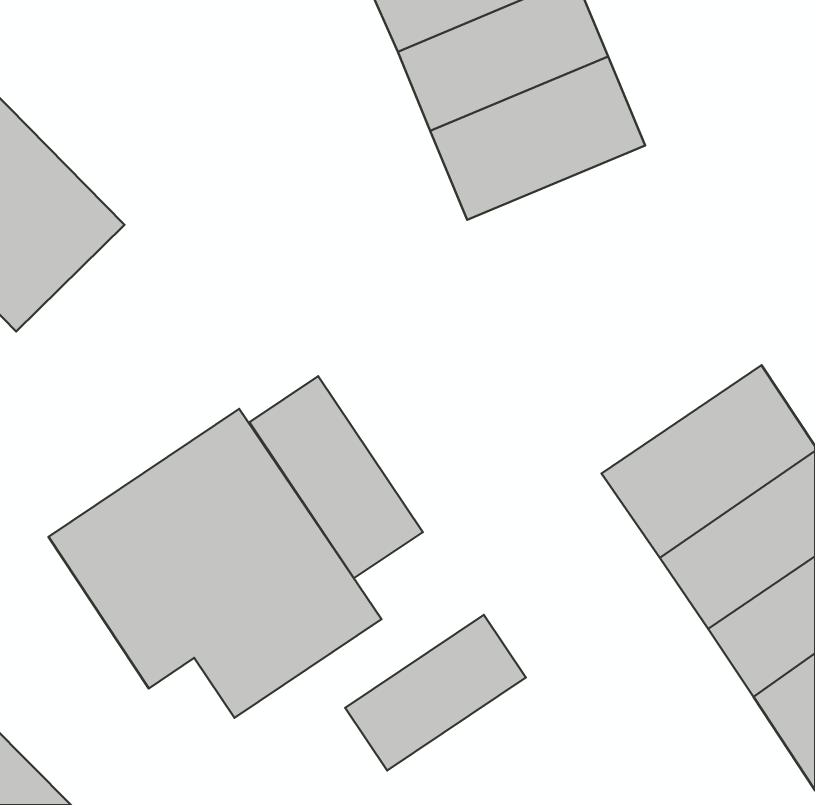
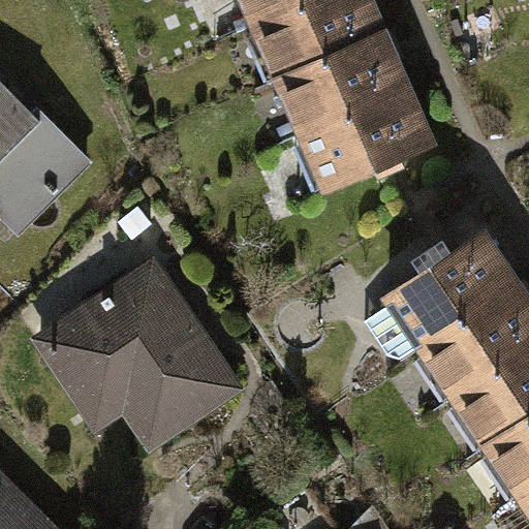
building: none -> [299,93,435,194]
building: [249,376,423,578] -> none
building: [345,615,526,771] -> none

